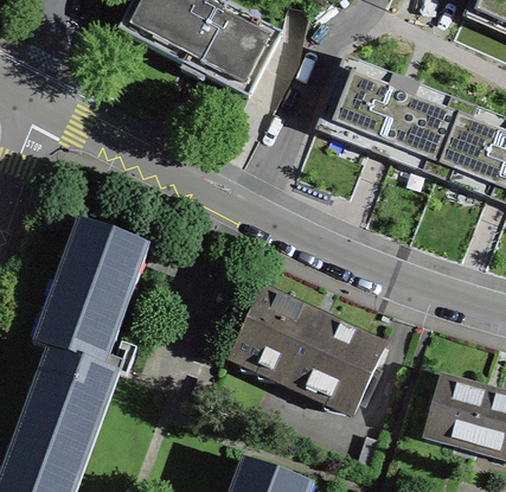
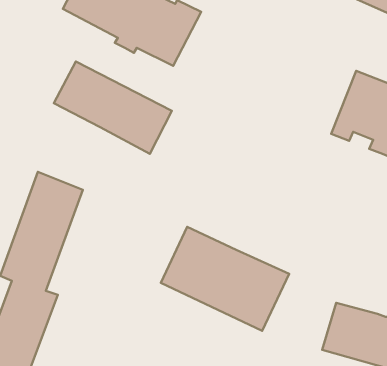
building: [315,55,466,177] -> none
building: none -> [54,61,172,154]

